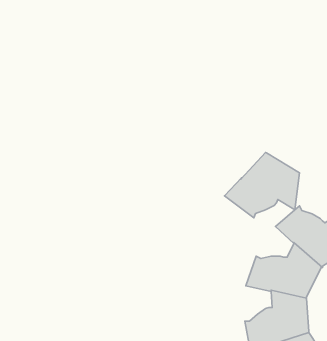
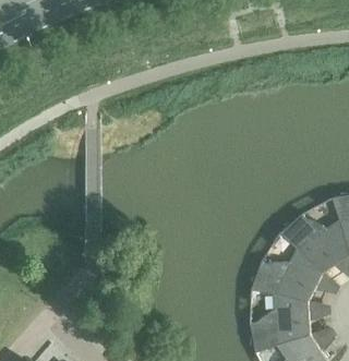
building: [225,152,300,218] -> none

